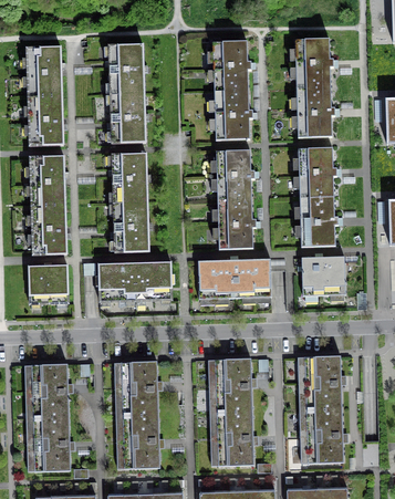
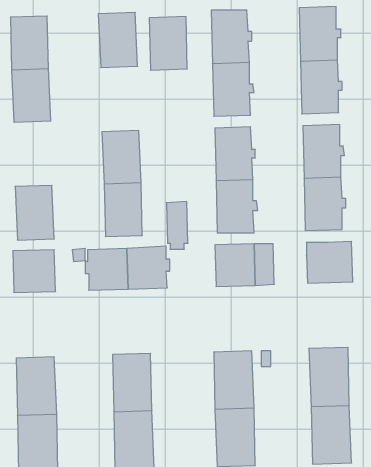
building: [110,93,145,143] -> [149,17,187,70]
building: [29,155,64,205] -> none
building: [197,259,217,303] -> [166,202,188,249]

